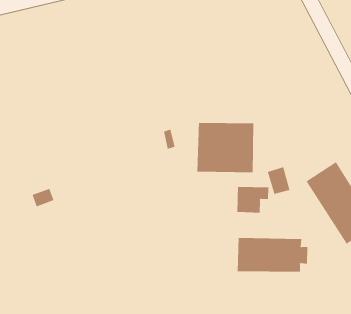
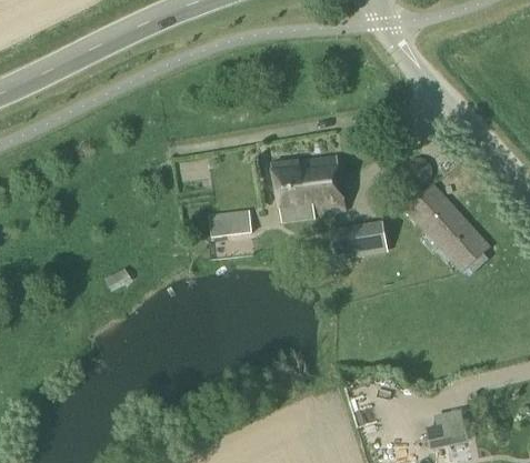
building: none -> [220,205,259,232]
building: [237,237,308,273] -> none

